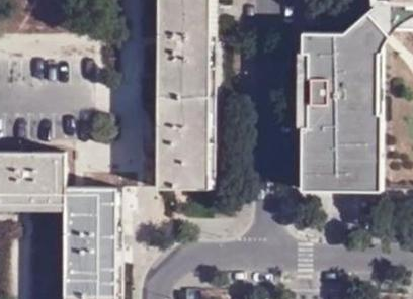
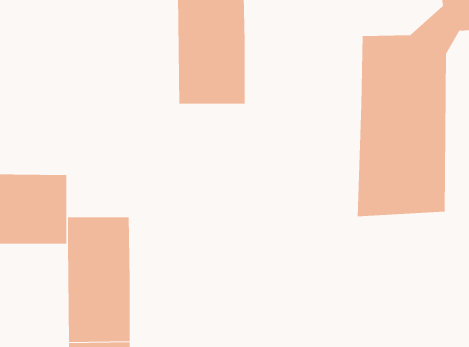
building: [155,93,212,189] -> none

